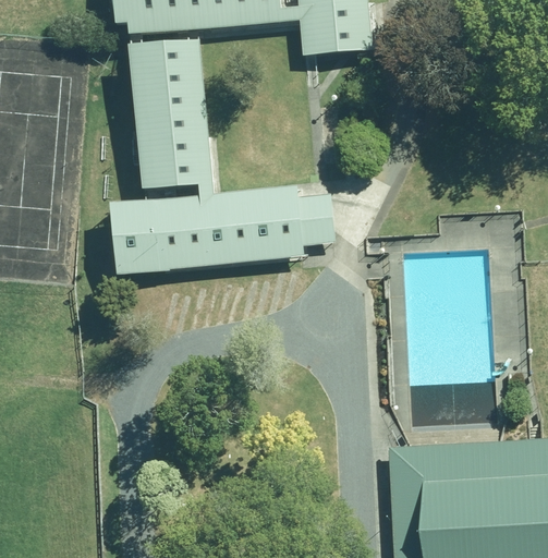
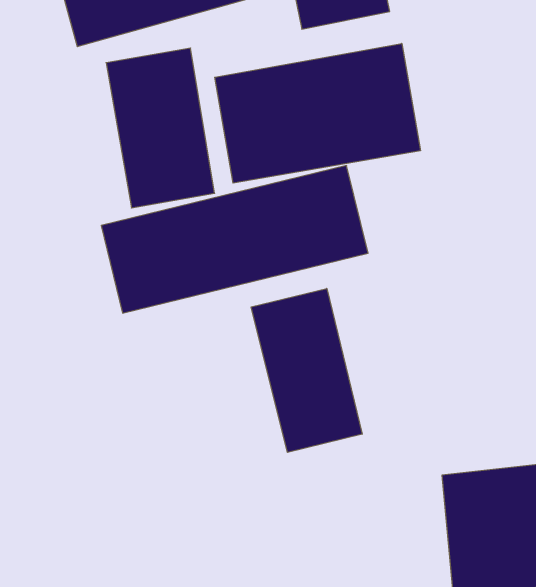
building: none -> [215,43,420,183]
building: none -> [251,288,362,452]

